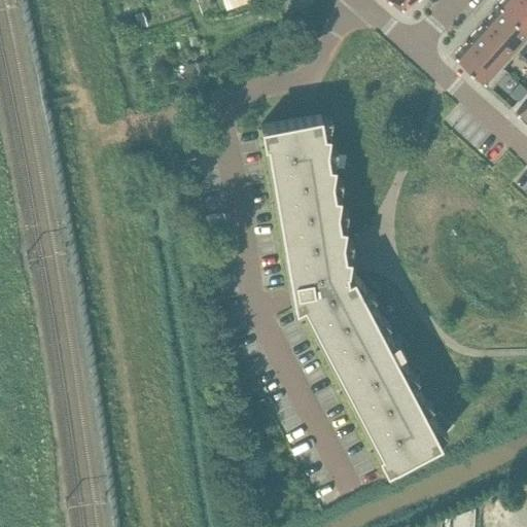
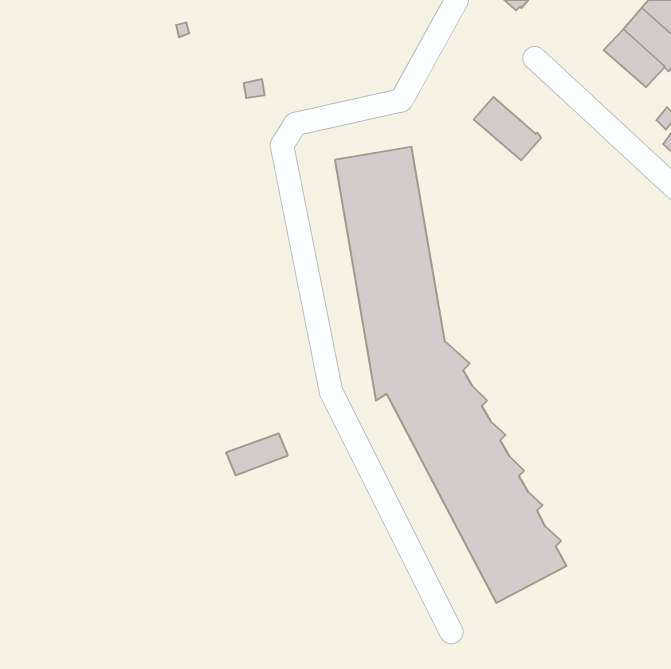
building: [458,44,511,94] -> [474,97,541,160]
building: none -> [226,433,287,475]

